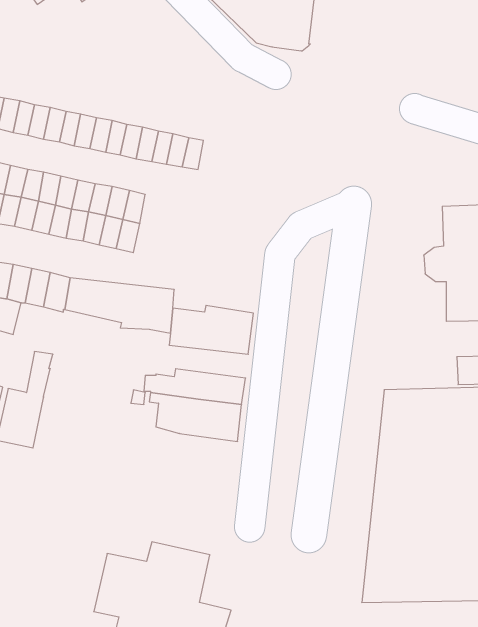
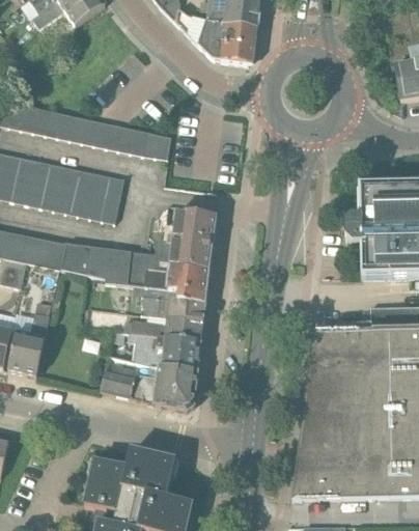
building: none -> [145,209,216,271]
building: none -> [141,296,204,322]
building: none -> [99,365,196,412]

